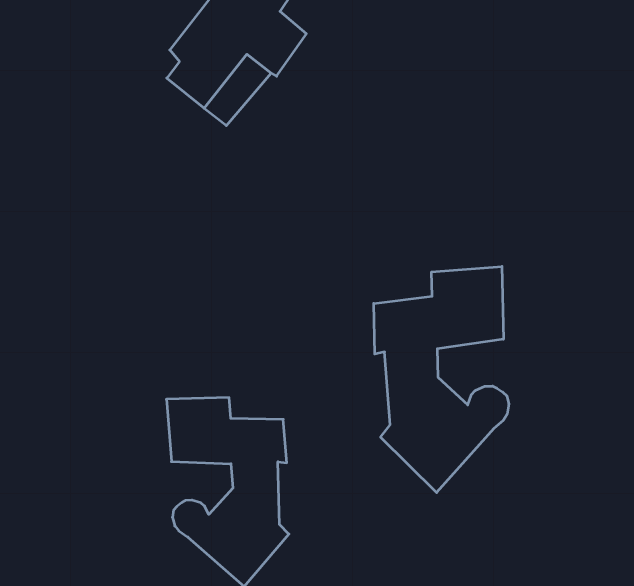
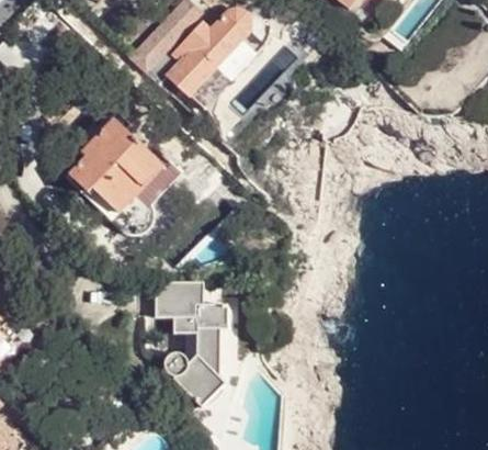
building: none -> [69,119,178,233]
building: [374,266,509,493] -> none

